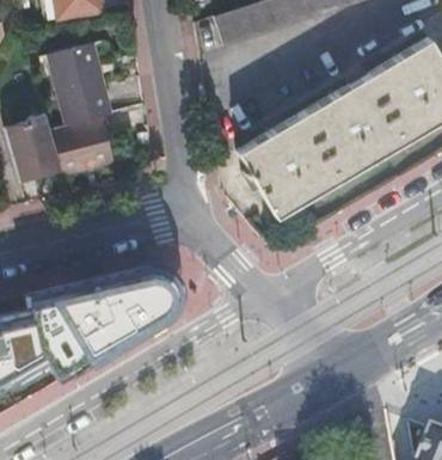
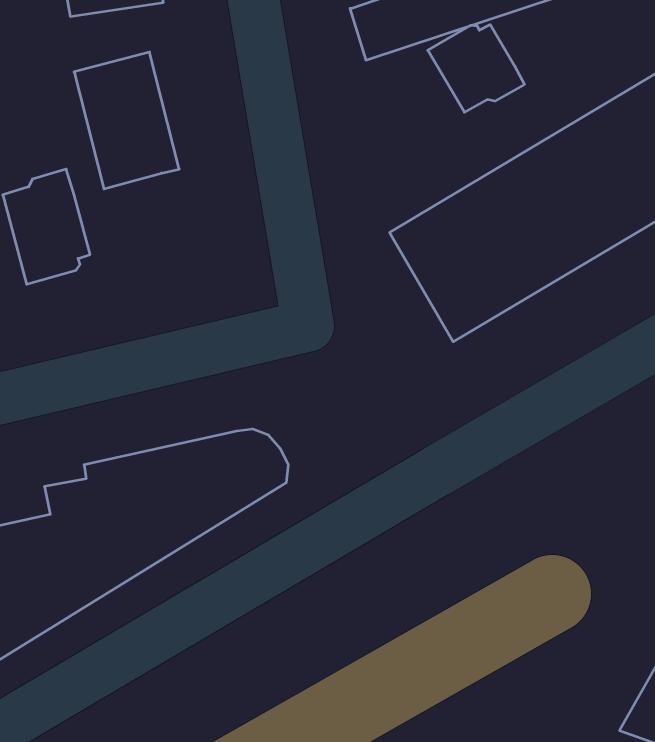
building: none -> [428,25,524,112]
building: [50,115,115,174] -> none

